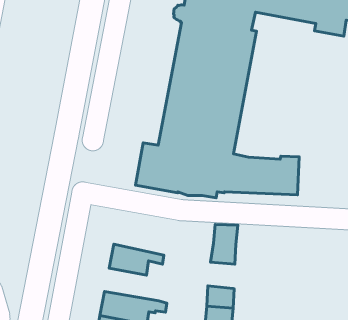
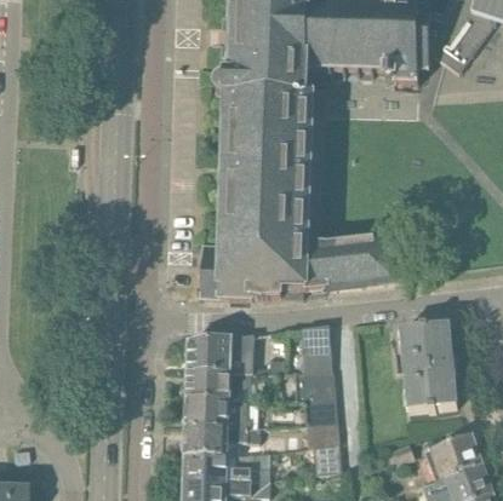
building: none -> [188,333,267,373]
building: none -> [401,323,457,410]
building: none -> [296,369,336,399]
building: none -> [185,397,252,426]

